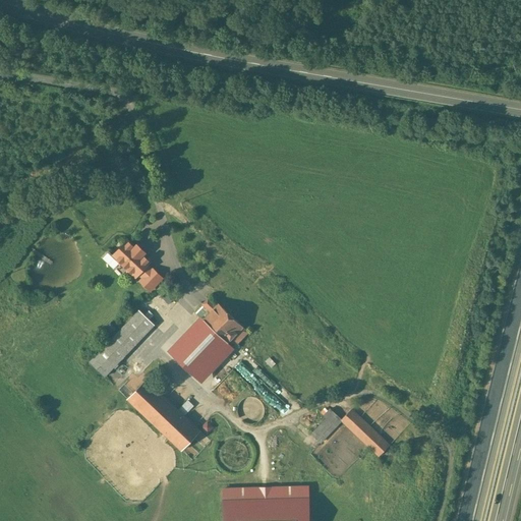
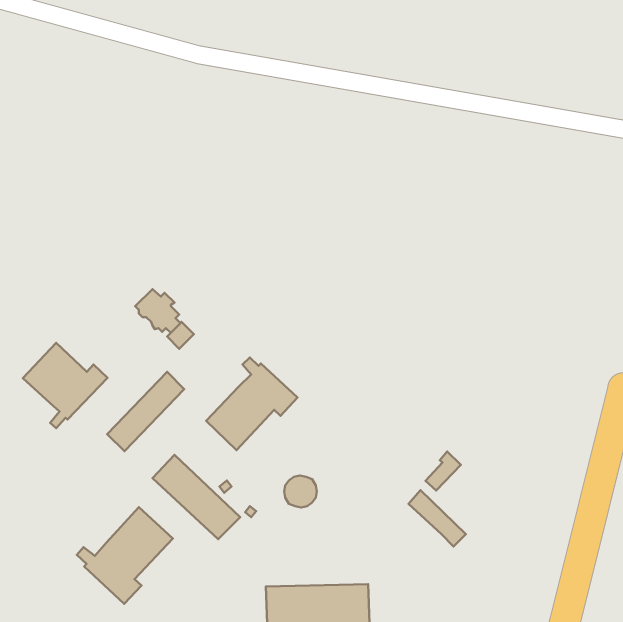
building: none -> [23,343,107,428]
building: [311,410,341,443] -> [425,452,461,491]
building: none -> [77,507,173,604]

